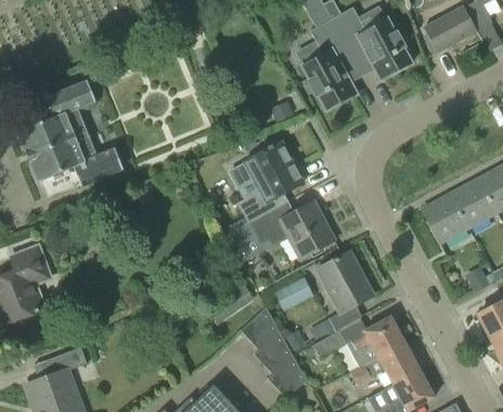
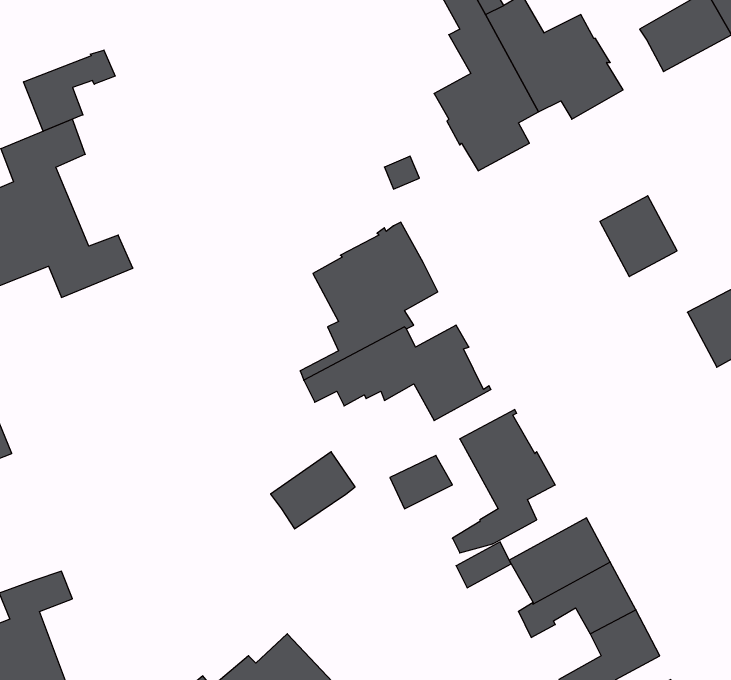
building: none -> [24,50,115,131]
building: [423,194,468,242] -> [600,196,677,277]
building: [242,307,308,398] -> none

